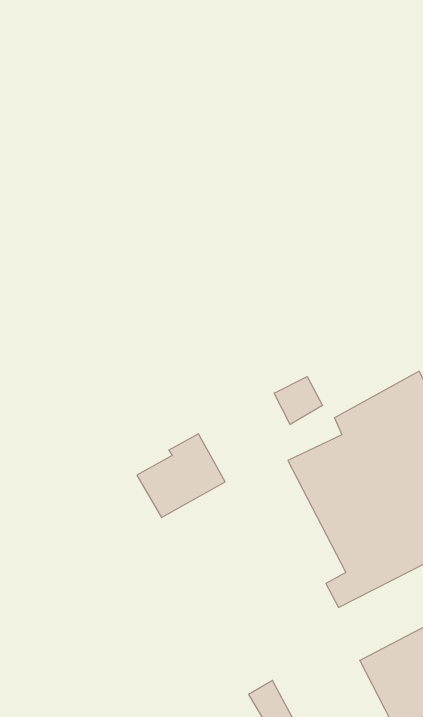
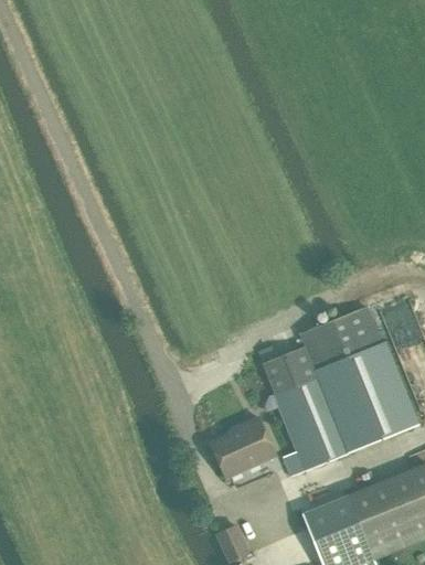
building: [274,377,323,425] -> none
building: [137,434,225,518] -> [211,417,276,477]

